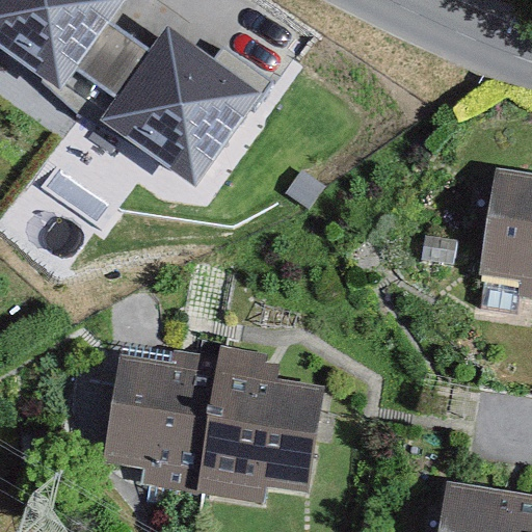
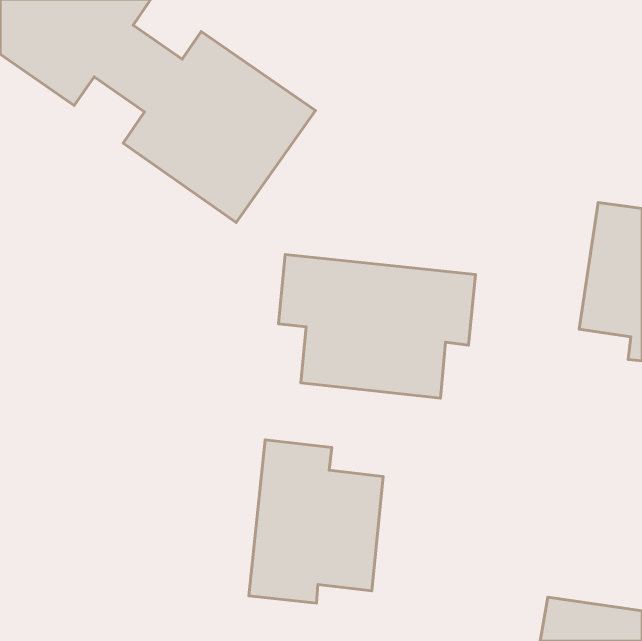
building: none -> [278,255,475,398]
building: [114,356,219,493] -> none

